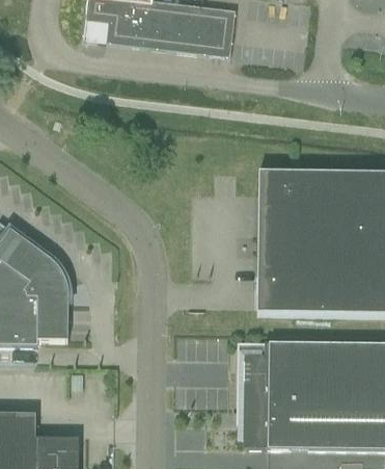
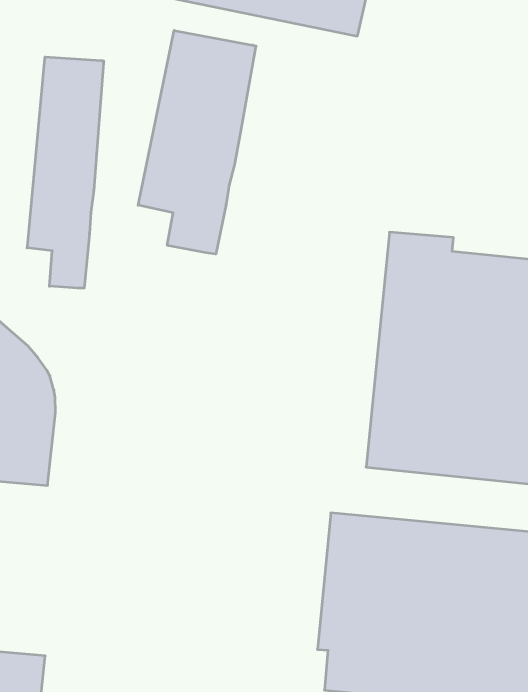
building: none -> [138,30,256,254]
building: none -> [27,57,104,288]

